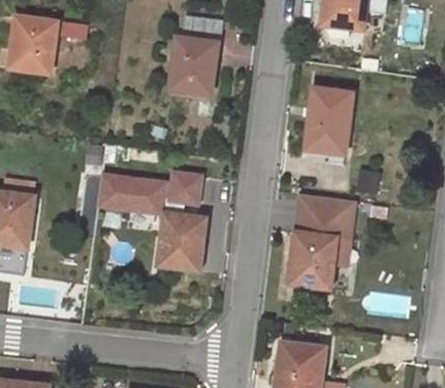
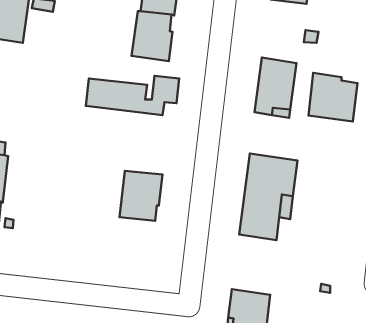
building: none -> [308,73,358,121]
building: [97,171,200,214] -> [86,76,179,115]

